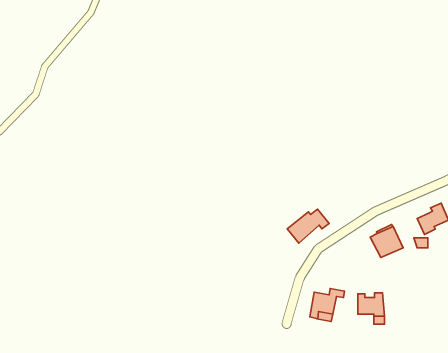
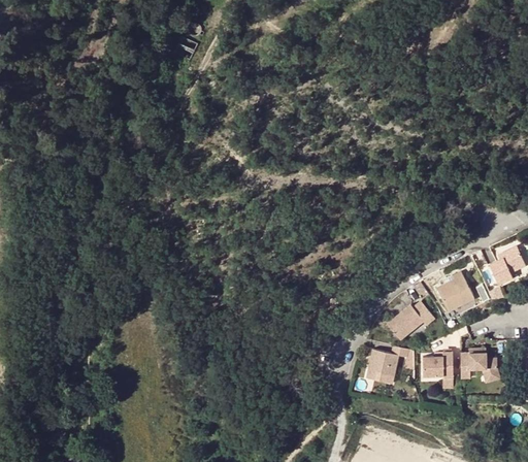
building: [287,209,329,243] -> [386,303,434,342]
building: none -> [459,342,498,375]

